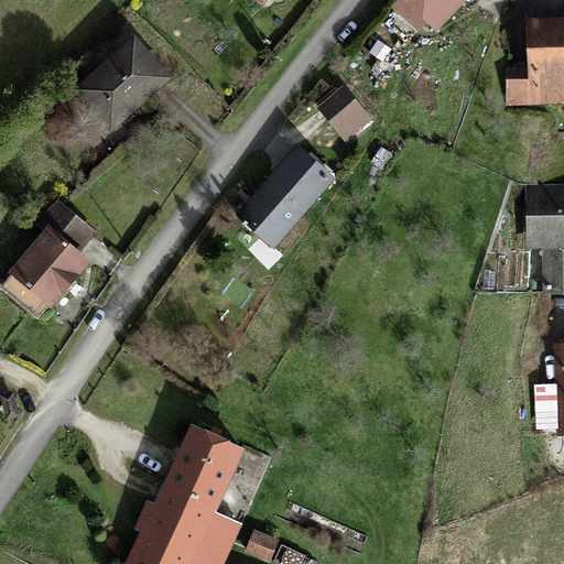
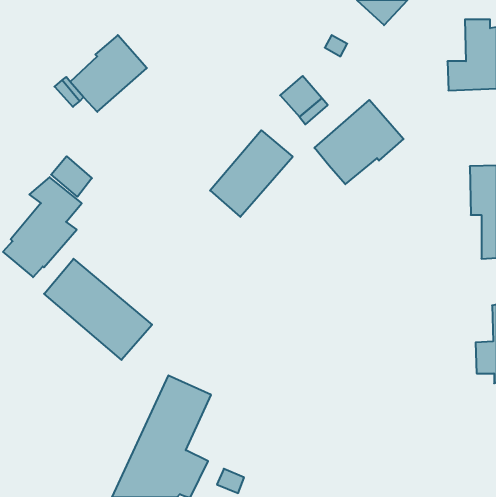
building: none -> [314,100,404,184]
building: none -> [51,156,92,197]
building: none -> [44,259,152,360]

